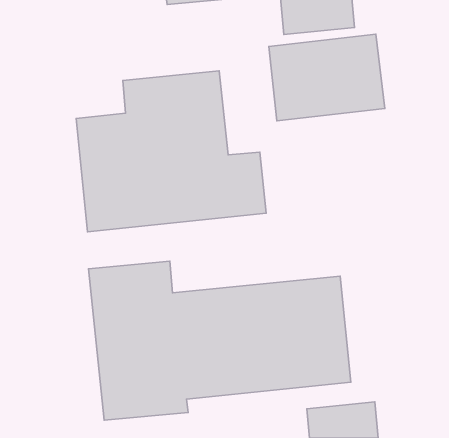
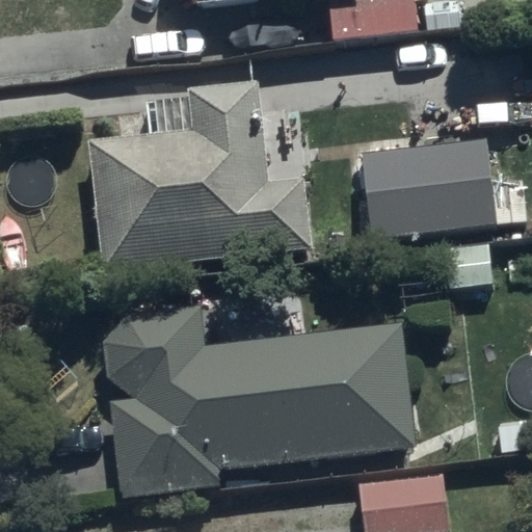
building: [269,34,385,121] -> [362,139,498,241]

